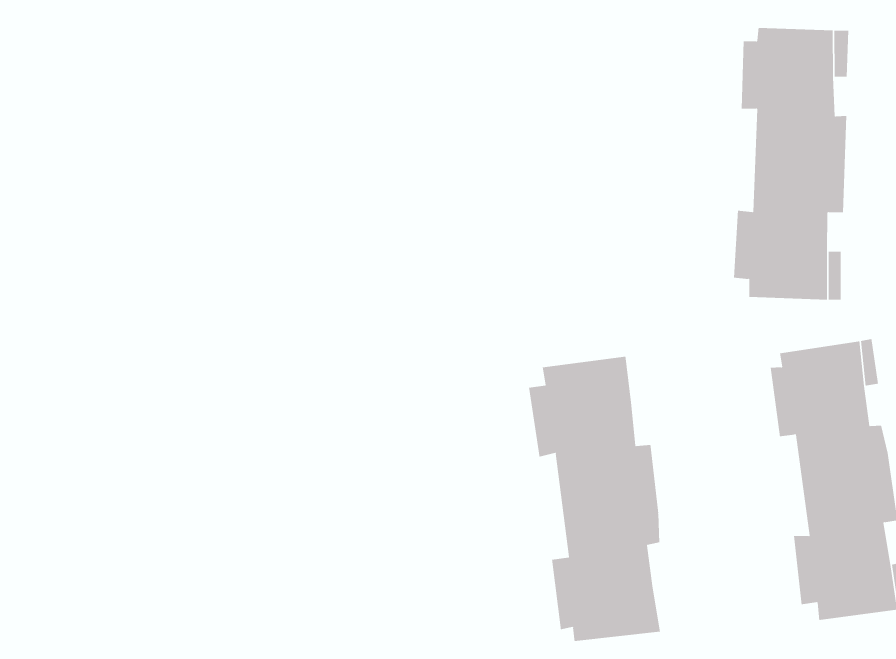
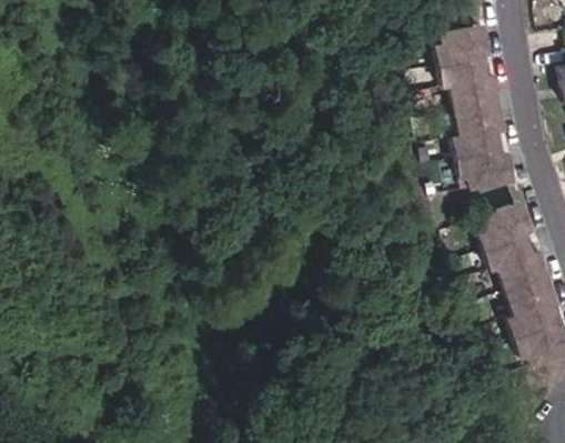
building: [528,356,660,642] -> none

